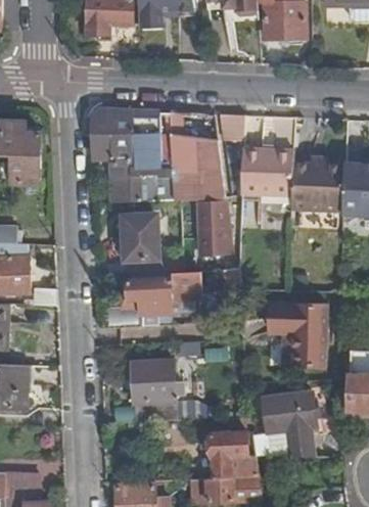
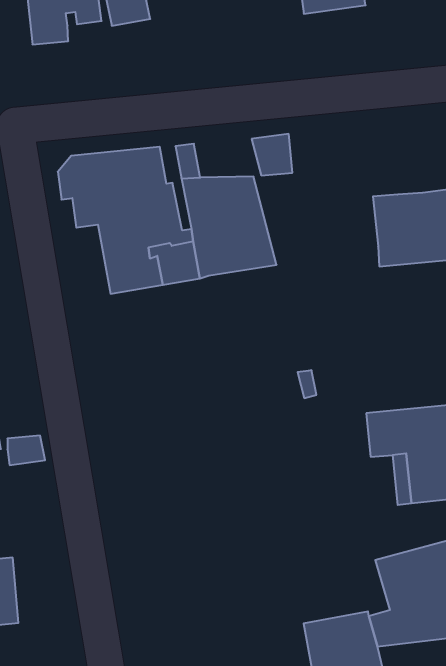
building: [241,148,293,195] -> none
building: [198,200,231,257] -> none
building: [125,216,157,275] -> none
building: [128,271,201,314] -> none
building: [132,361,177,421] -> none

